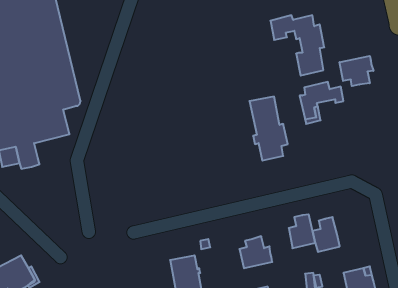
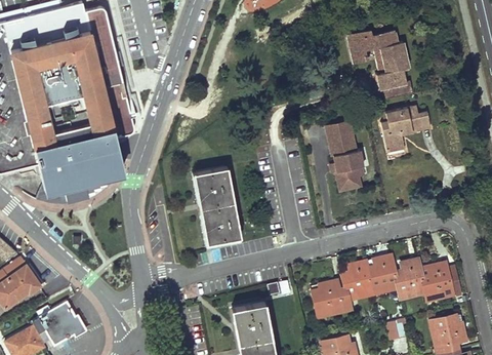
building: [340,56,373,86] -> none
building: none -> [82,164,126,191]
building: none -> [192,167,239,244]
building: none -> [342,261,372,299]
building: none -> [422,261,453,300]

